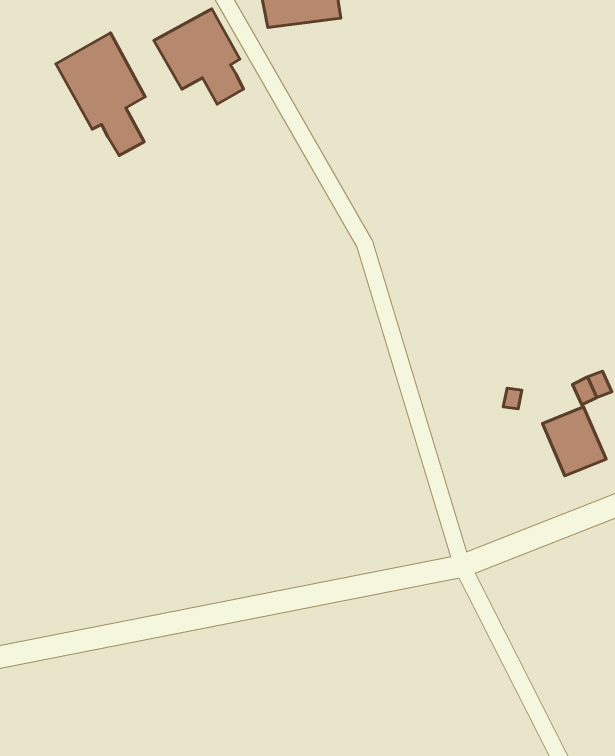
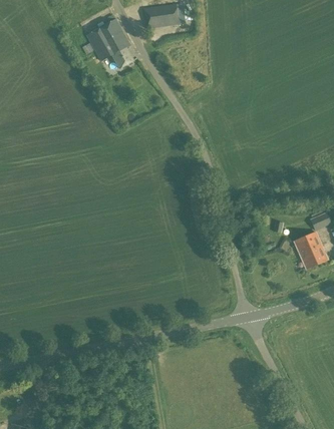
building: [56,33,145,155] -> none

